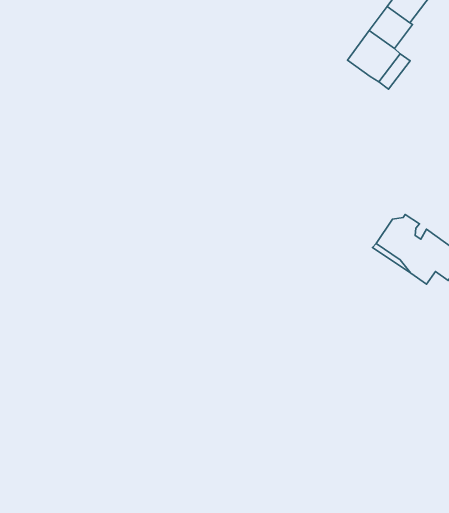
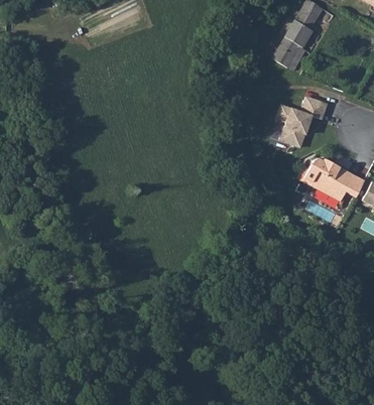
building: none -> [277,96,328,146]

